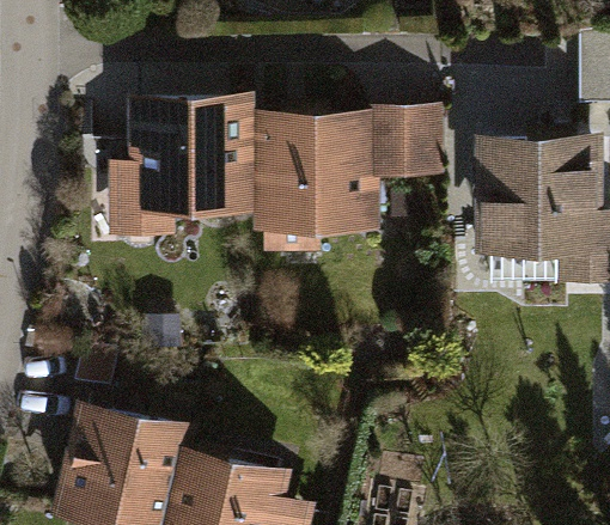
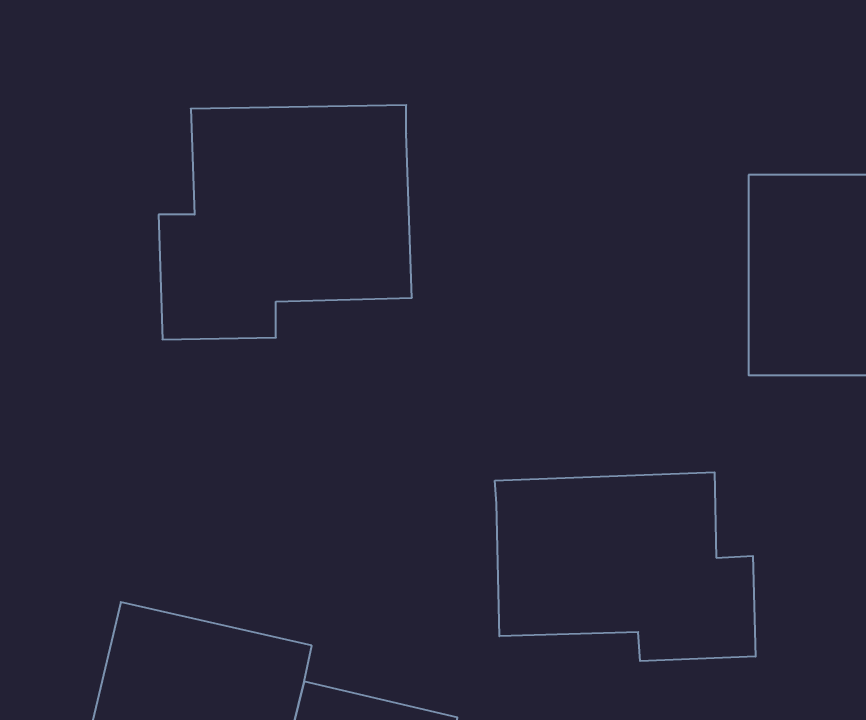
building: [262,104,446,234] -> none
building: none -> [495,472,756,661]

